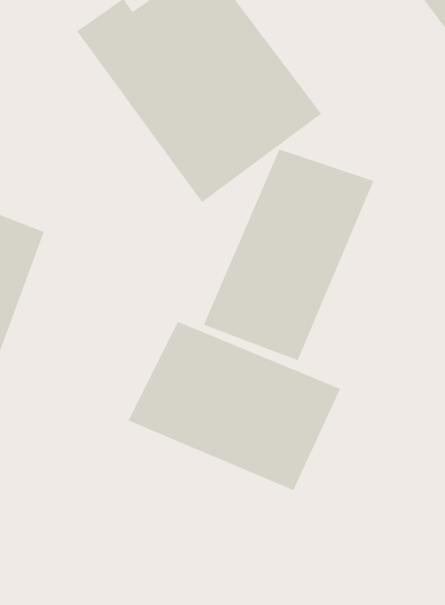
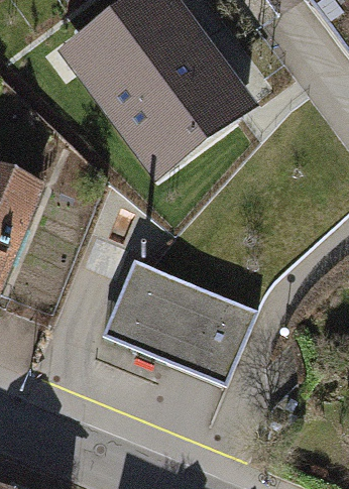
building: [203,149,374,361] -> none

